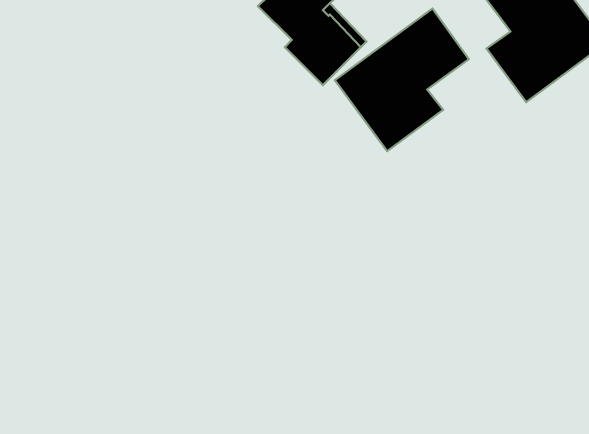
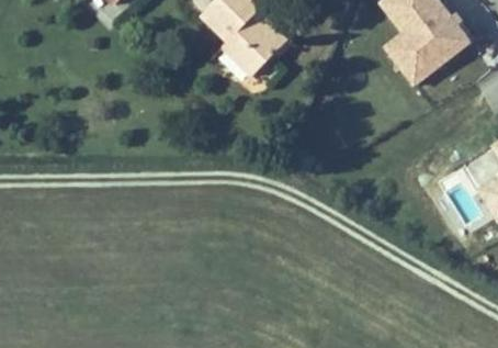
building: [335,9,469,151] -> none

